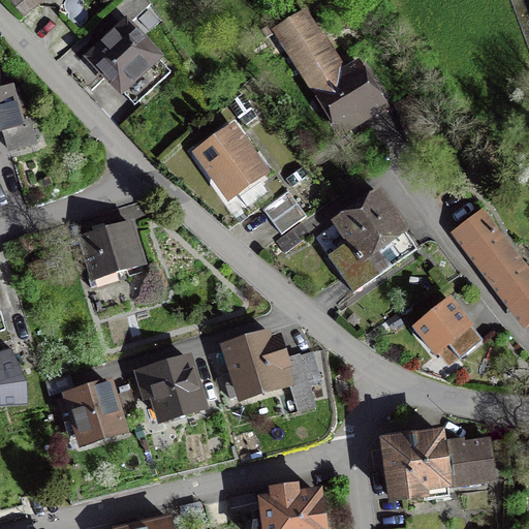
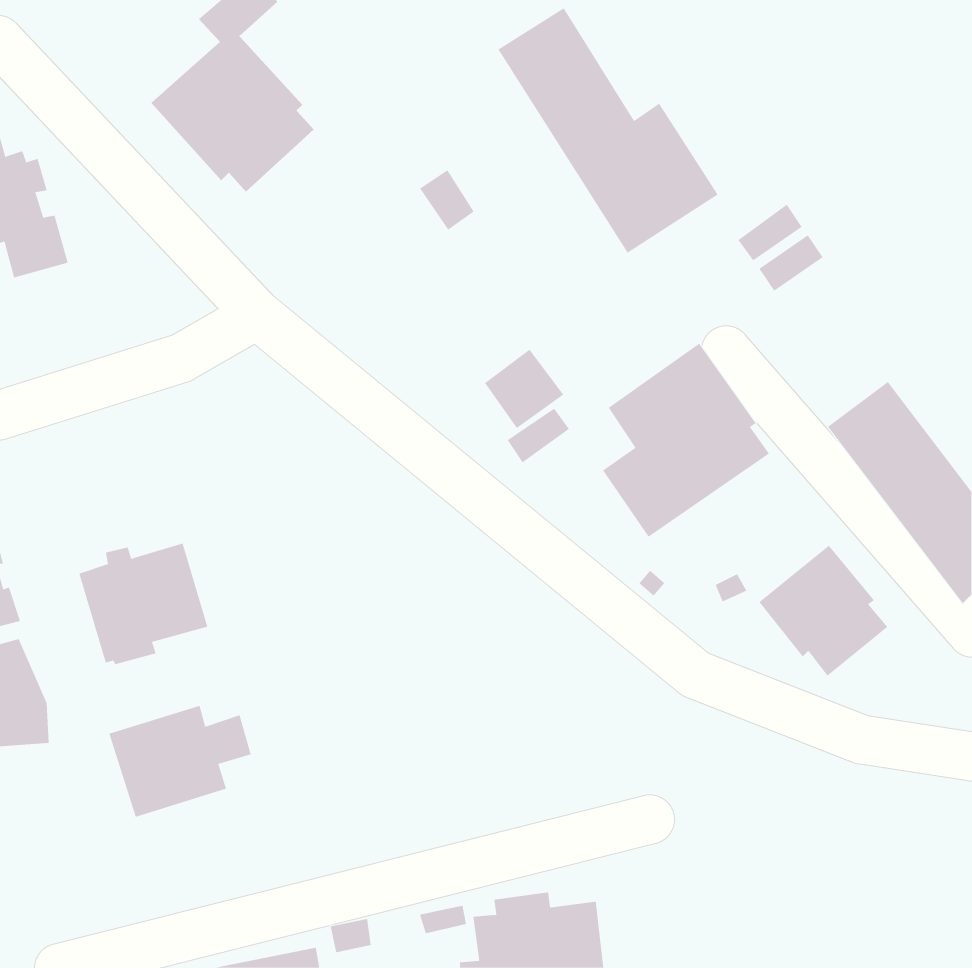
building: [191,121,271,205] -> none
building: [76,219,147,285] -> [79,543,208,665]
building: [219,330,321,411] -> none
building: [138,357,203,416] -> none
building: [378,430,497,505] -> none

